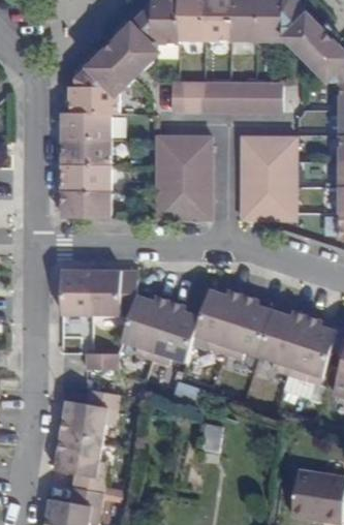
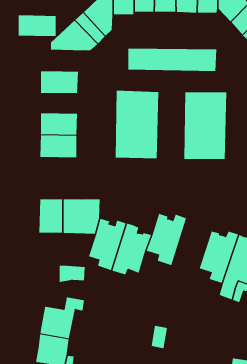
building: [70,85,118,112] -> [18,15,56,37]
building: [63,138,110,163] -> none
building: [225,292,274,358] -> none

